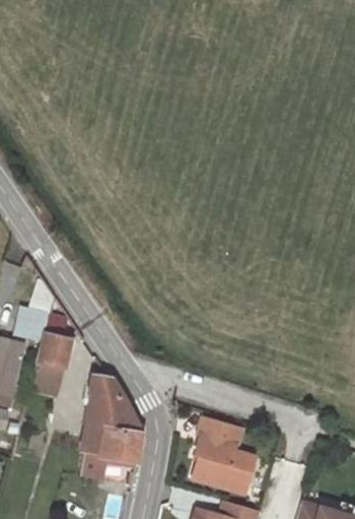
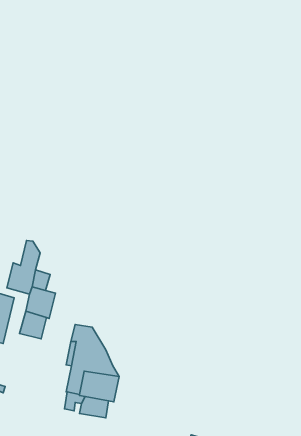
building: [193,417,254,493] -> none

